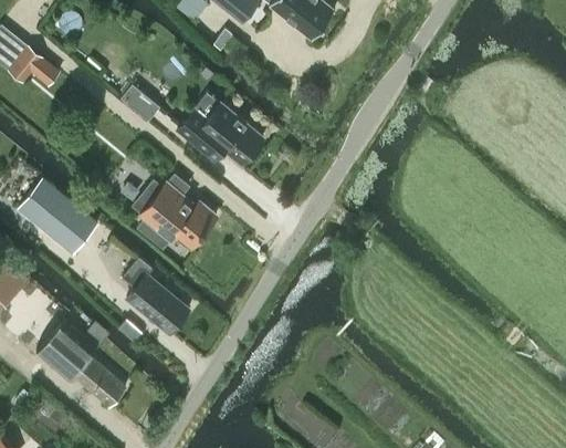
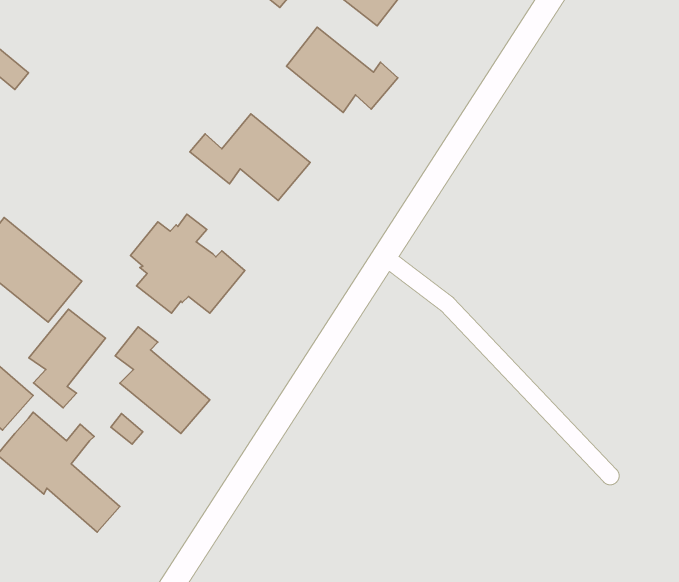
building: none -> [287,27,398,112]
building: [122,85,160,122] -> none
building: none -> [29,309,105,408]

